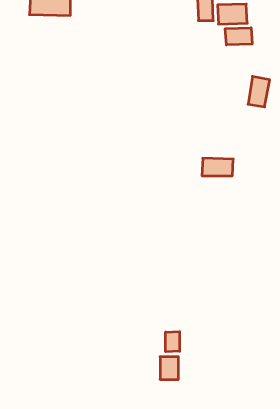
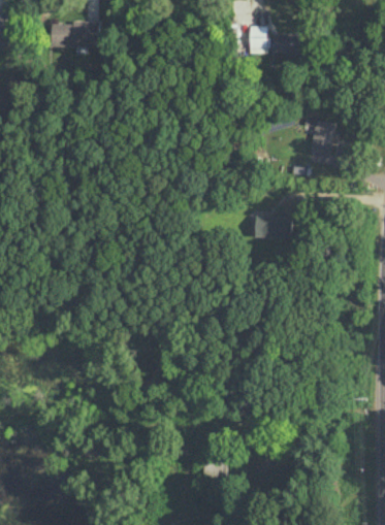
building: [225,28,252,45] -> none
building: [166,332,180,352] -> none

